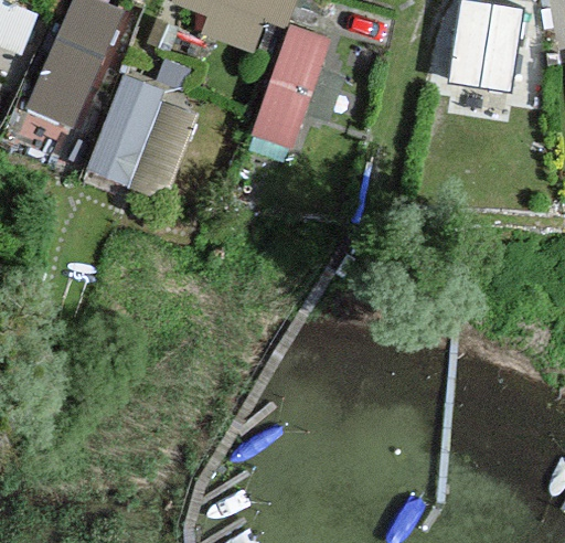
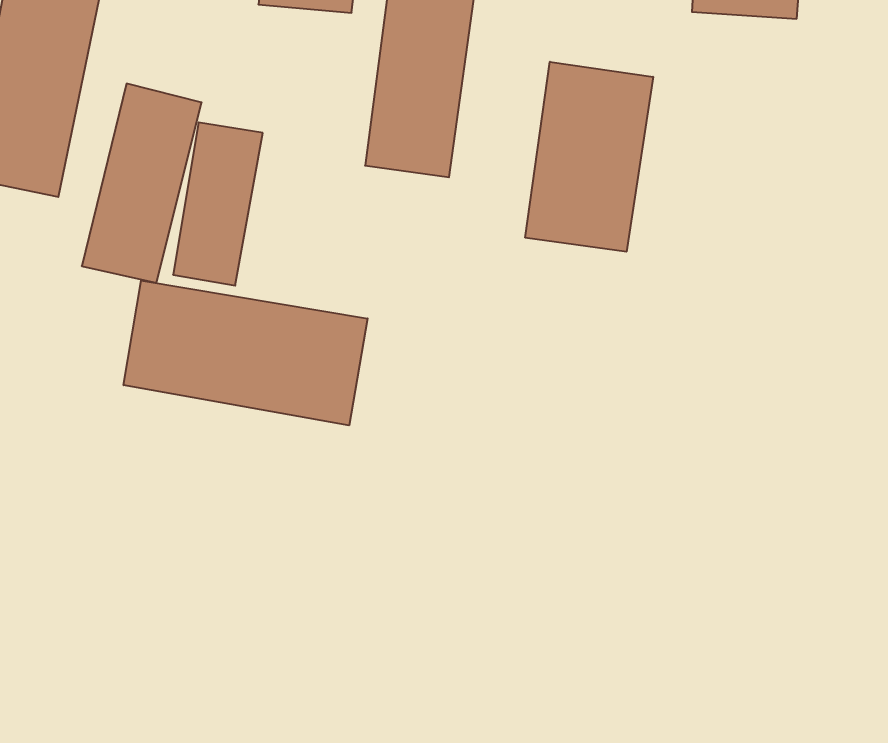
building: none -> [525,62,653,252]
building: none -> [124,280,368,425]

